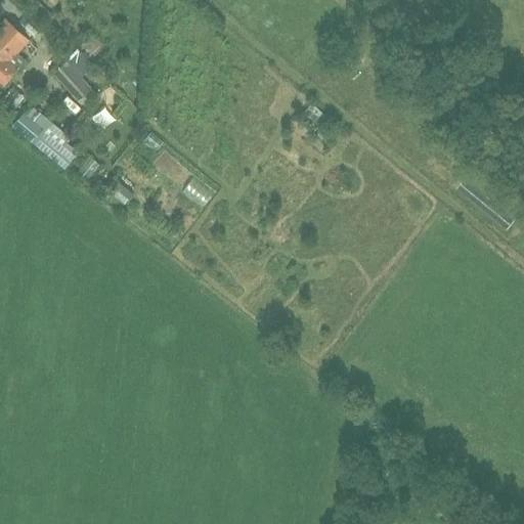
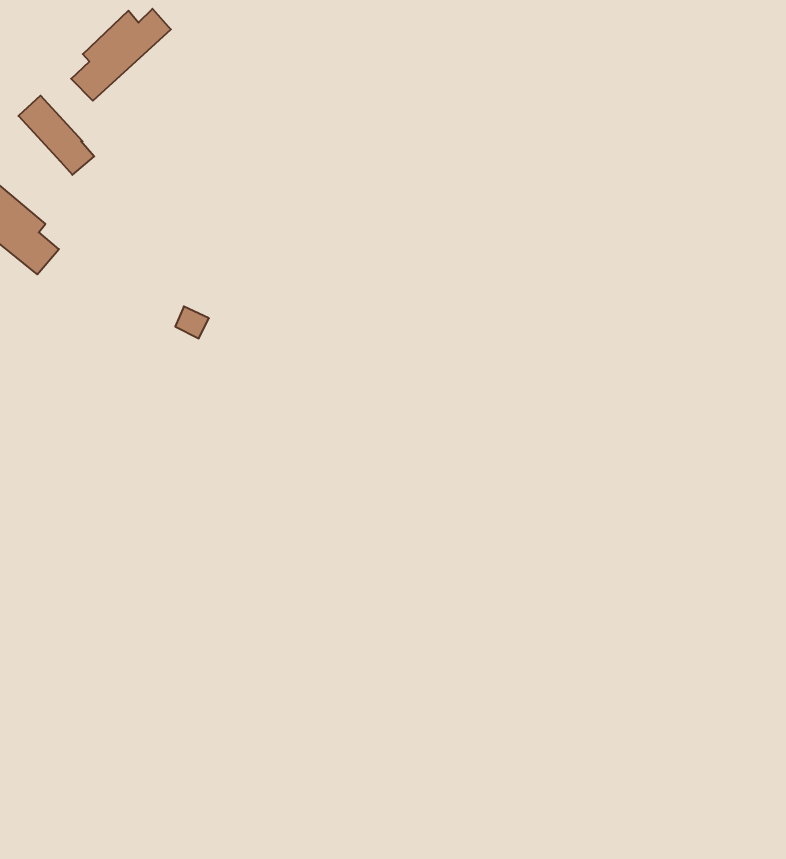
building: none -> [71,9,171,101]

